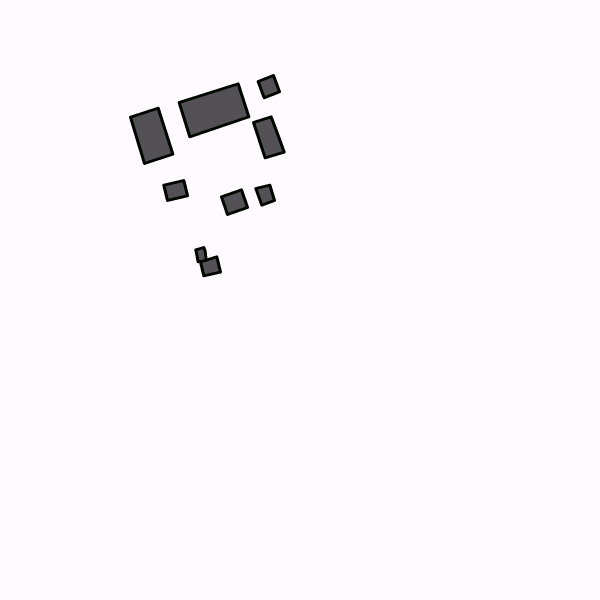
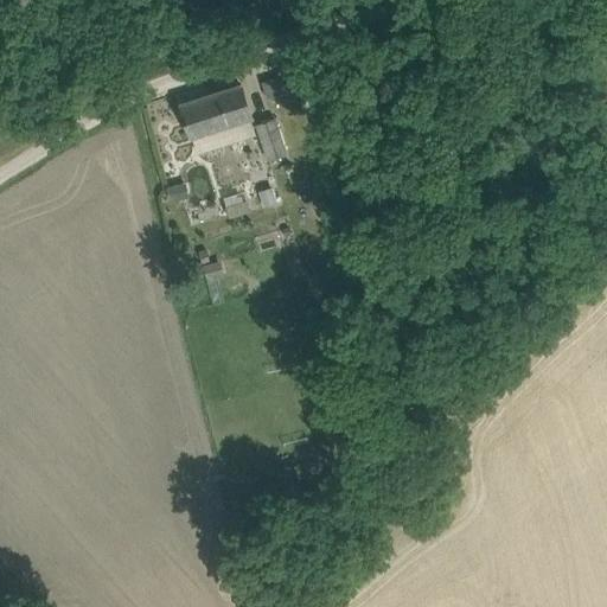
building: [131,108,173,164] -> none

